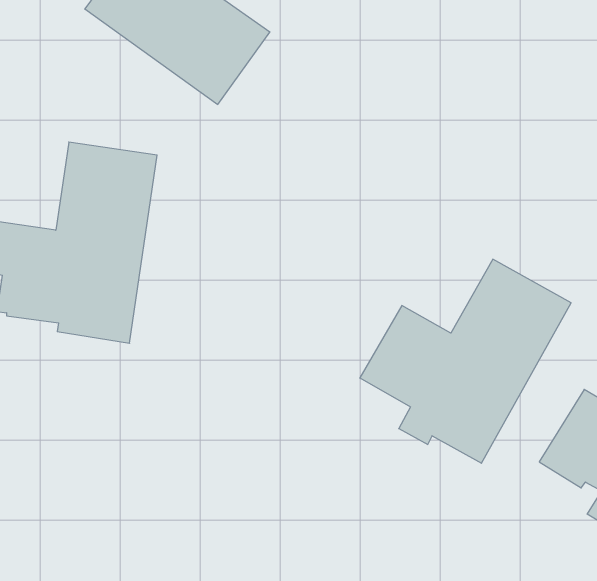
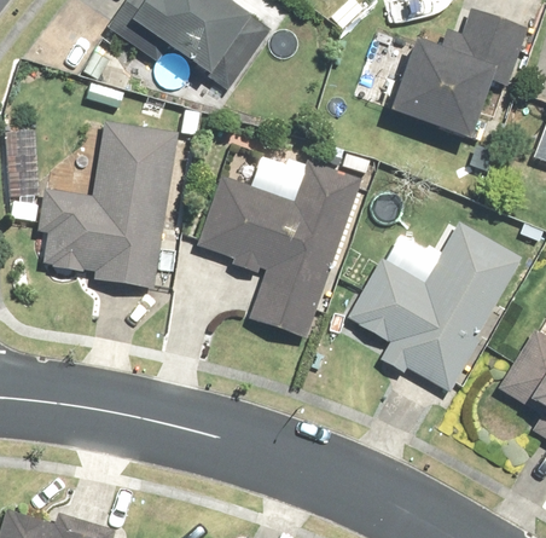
building: none -> [389,8,528,140]
building: none -> [197,160,362,340]

